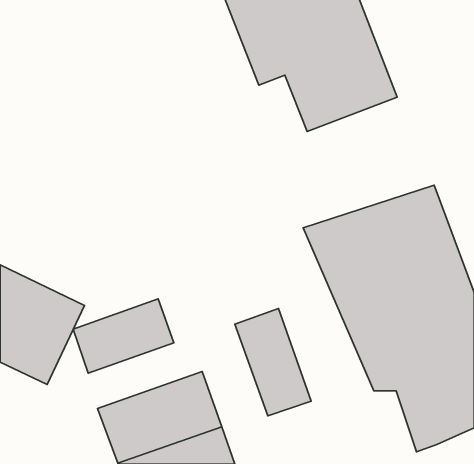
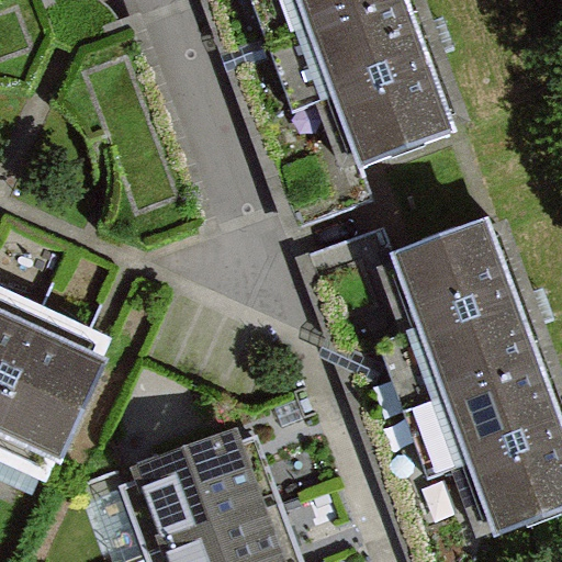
building: [73,299,174,373] -> none
building: [235,309,311,416] -> none

